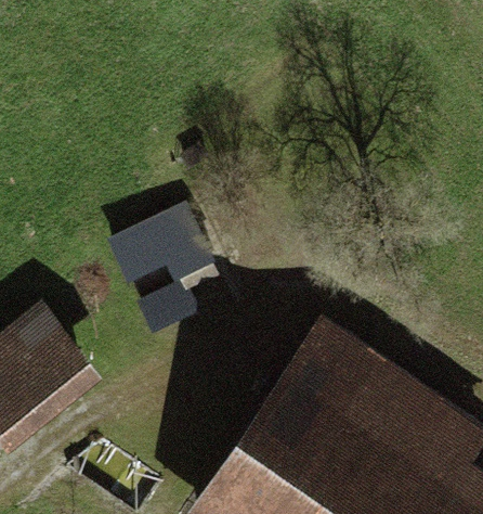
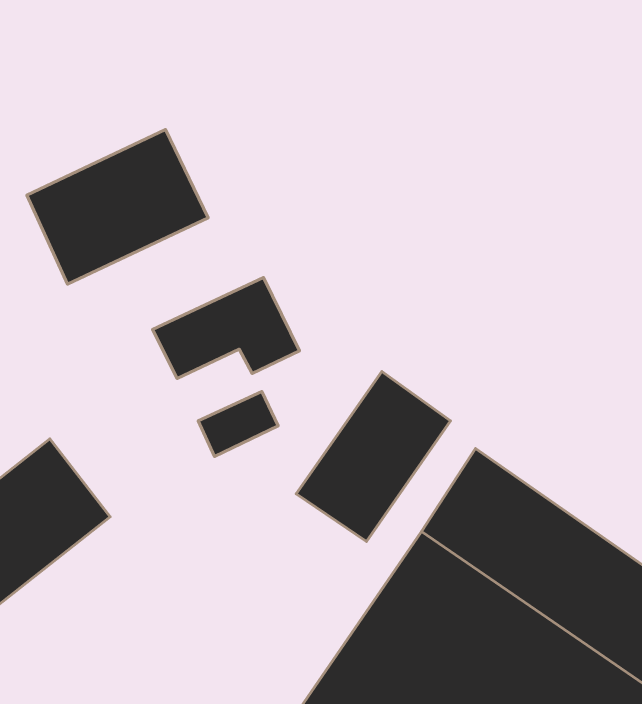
building: none -> [27,130,208,284]
building: none -> [296,371,450,542]

